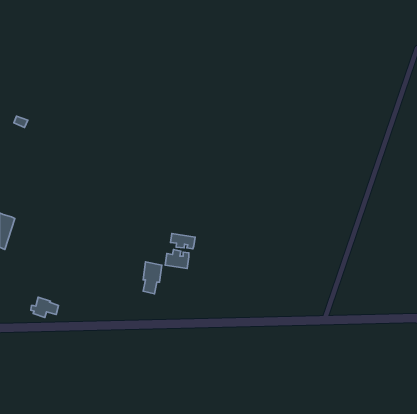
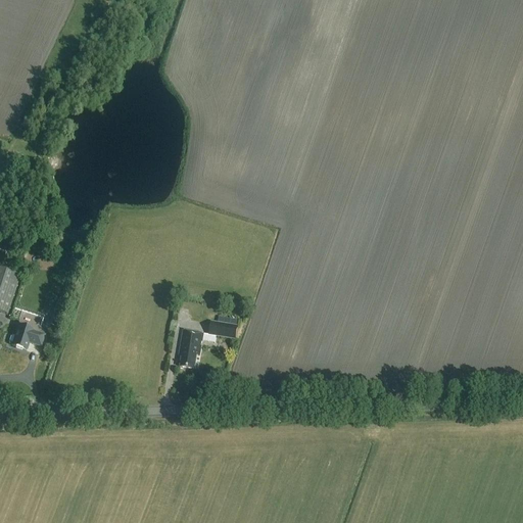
building: [170,234,195,249] -> none
building: [31,297,59,318] -> [8,322,43,347]

